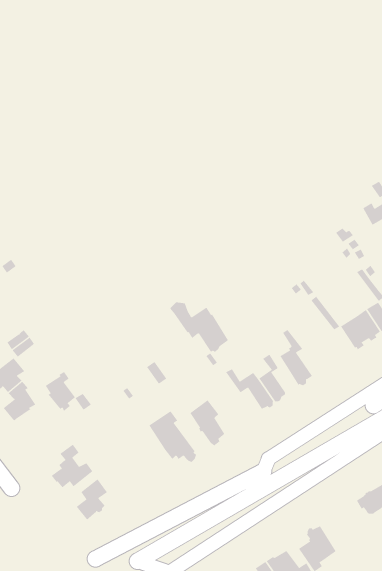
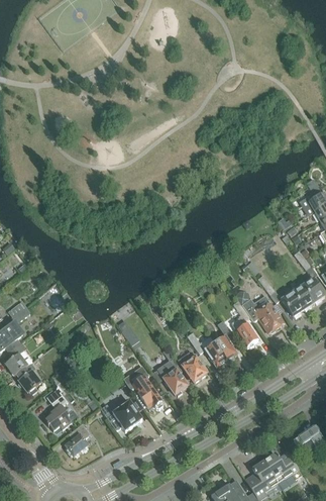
building: [170,302,229,353] -> [235,291,284,332]
building: [45,371,76,412] -> [16,362,41,395]
building: none -> [179,352,207,382]
building: none -> [101,397,143,430]
building: none -> [264,453,302,482]

